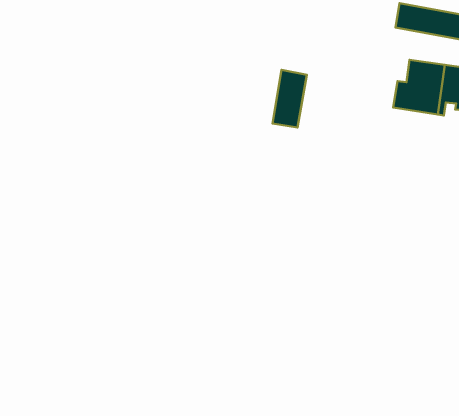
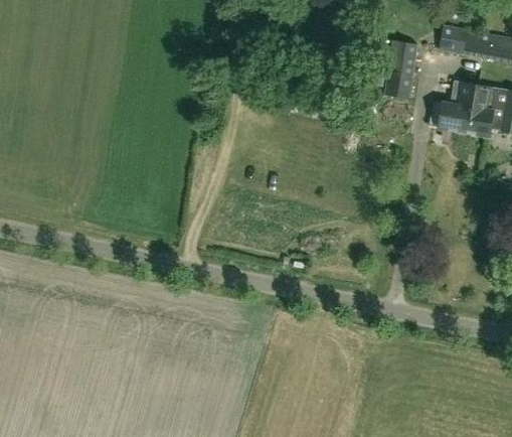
building: [272,70,307,128] -> [384,39,418,97]

